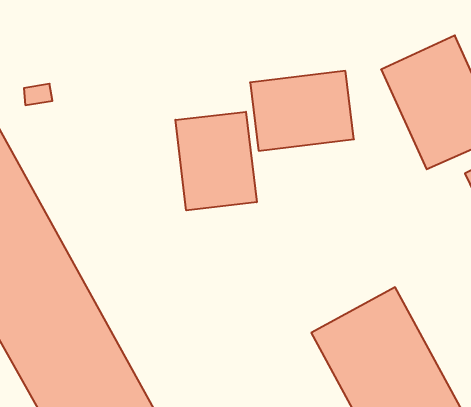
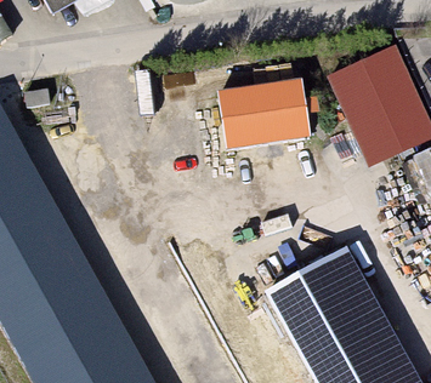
building: [175,112,257,210] -> none

